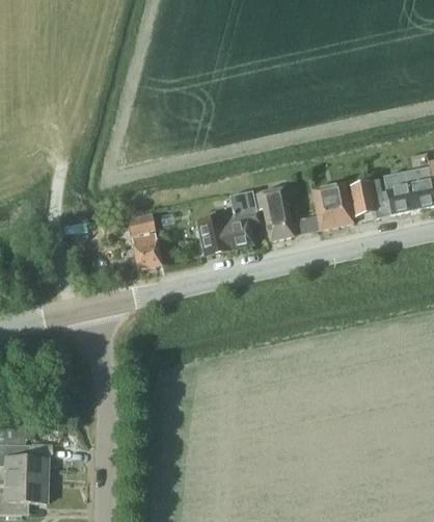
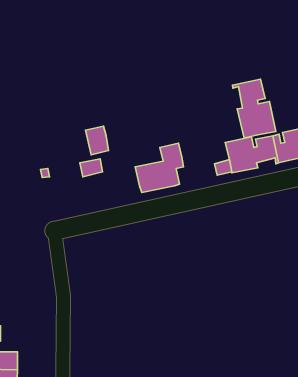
building: none -> [232,79,276,138]
building: [255,188,293,239] -> none
building: [132,232,161,268] -> [86,126,108,155]

